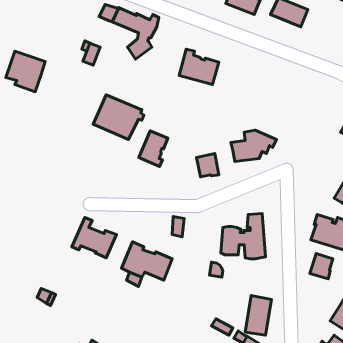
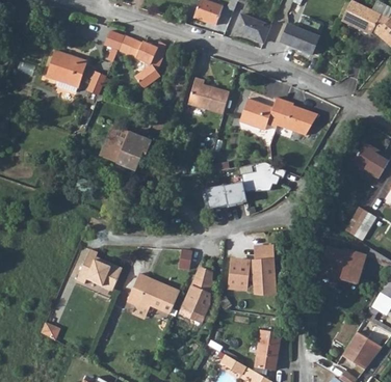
building: [6,51,45,92] -> [46,50,86,91]
building: none -> [240,97,317,134]
building: [139,131,168,166] -> none
building: none -> [223,181,246,207]
building: none -> [182,267,211,318]
building: [310,253,333,279] -> none

